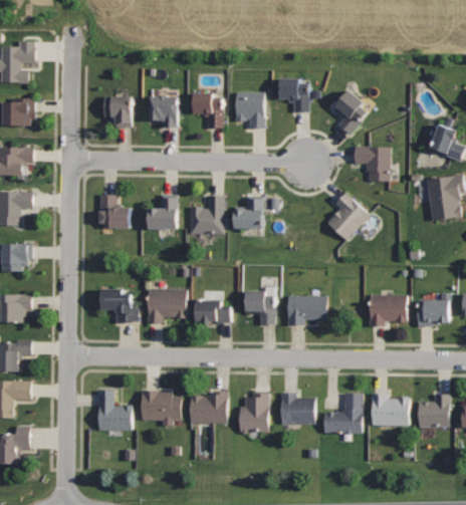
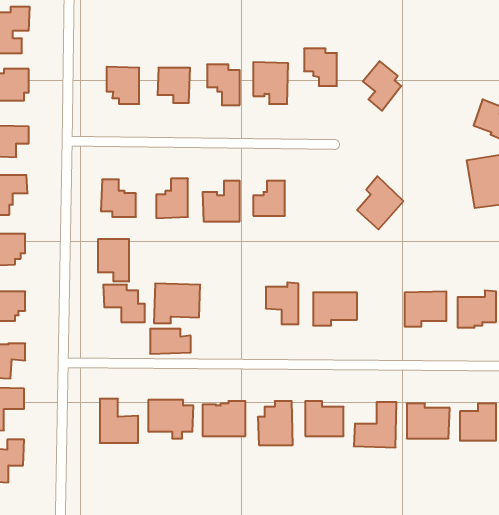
building: [354,147,391,181] -> none
building: none -> [98,239,129,282]
building: [194,300,230,322] -> [150,329,191,354]

